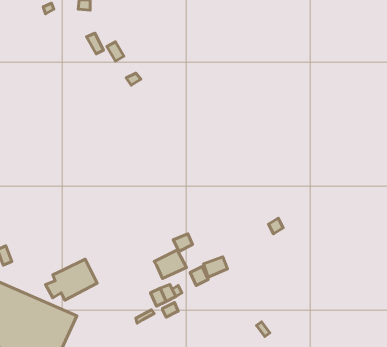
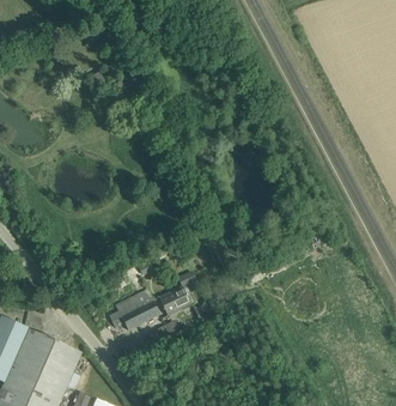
building: [45,259,97,300] -> [106,290,158,331]

